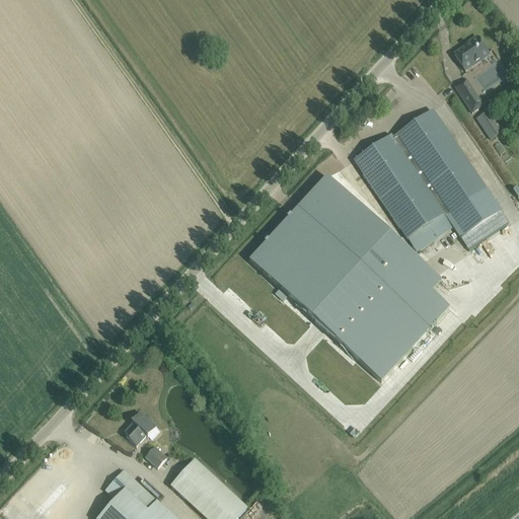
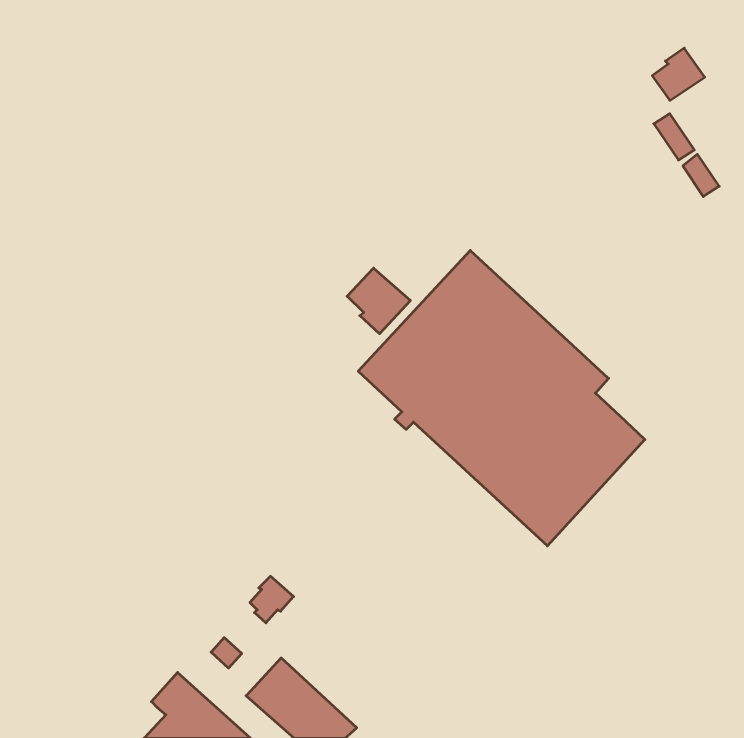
building: [355,108,507,250] -> none
building: none -> [347,268,410,334]
building: [126,413,156,445] -> [250,576,294,623]

